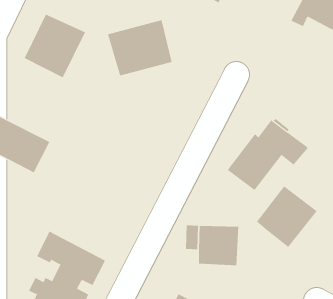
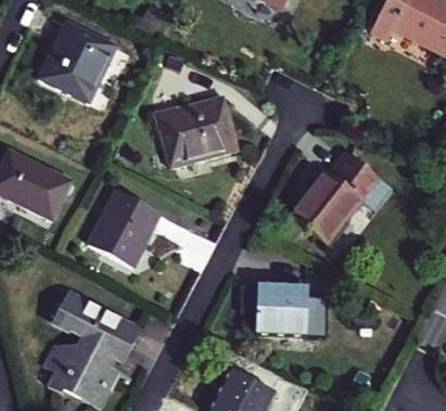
building: [107,19,172,76] -> [155,95,237,166]
building: none -> [88,190,161,267]
building: [256,185,317,248] -> none

